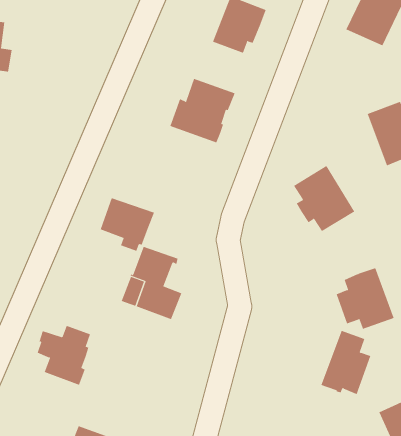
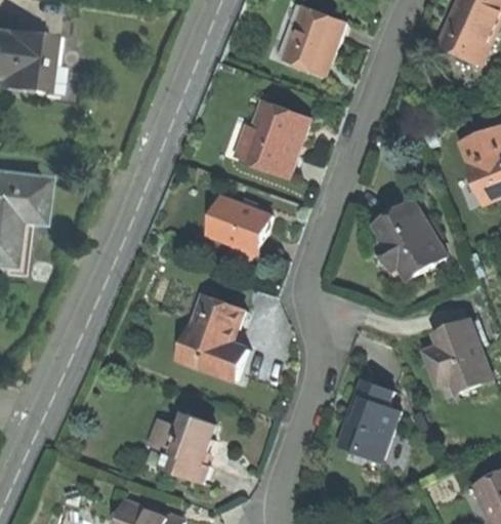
building: [100,197,155,252] -> [208,197,272,259]
building: [37,325,91,386] -> [152,412,214,482]
building: [321,330,371,395] -> [340,380,399,455]

